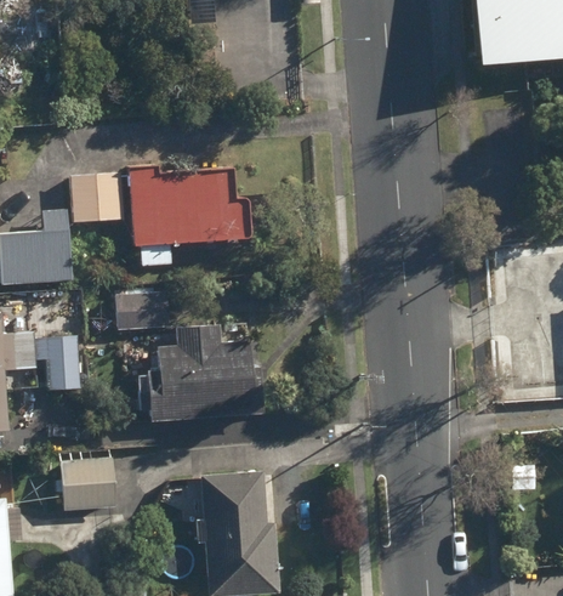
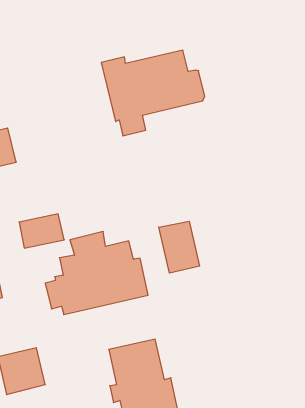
building: [127,166,251,266] -> [101,50,205,136]
building: none -> [159,221,200,273]

